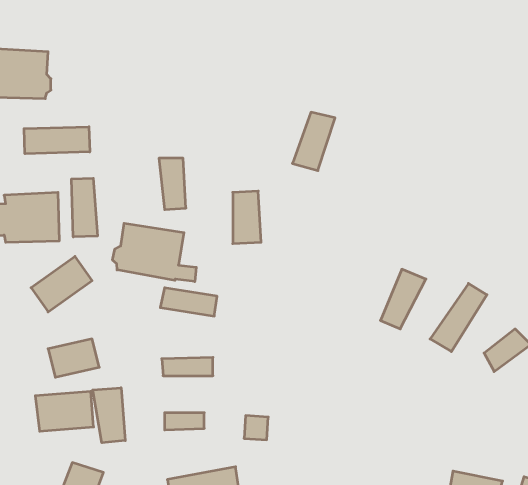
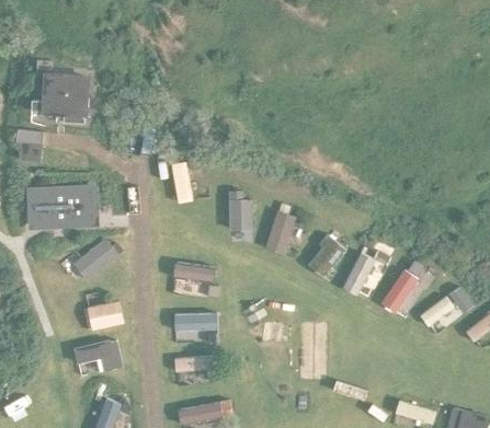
building: [292,112,335,171] -> [261,208,294,253]
building: [24,127,90,154] -> none
building: [72,178,97,237] -> none
building: [113,223,196,282] -> none
building: none -> [306,230,345,275]
building: [93,388,125,443] -> none

